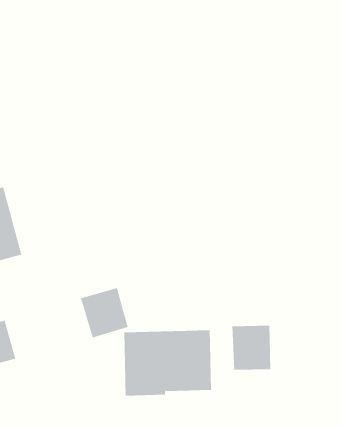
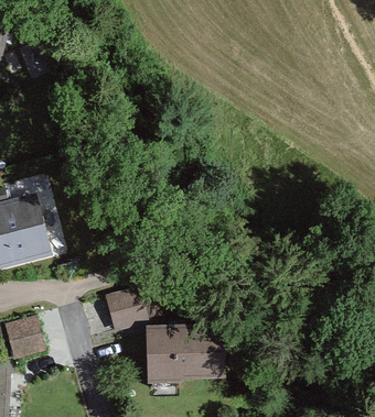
building: [232,325,271,371] -> none

